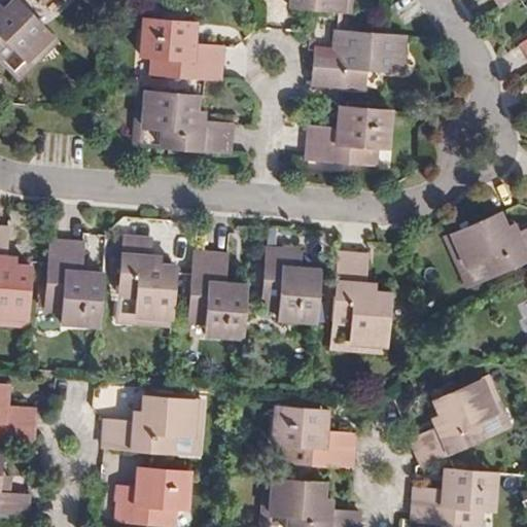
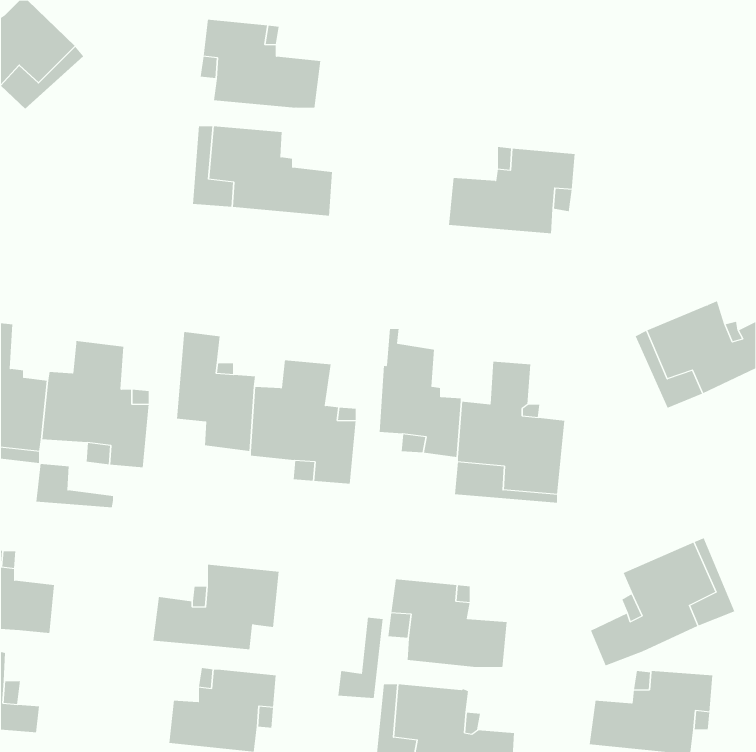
building: [311,29,403,90] -> none
building: [119,294,174,325] -> [36,463,114,508]
building: [174,400,206,457] -> [338,617,383,699]

